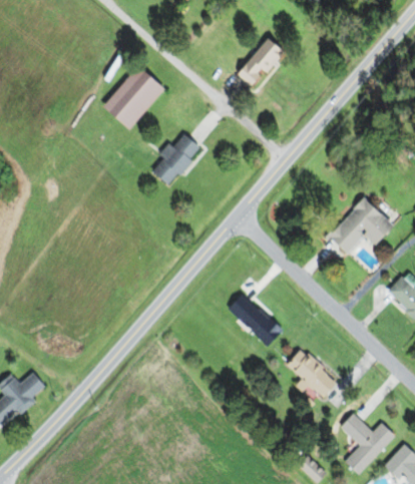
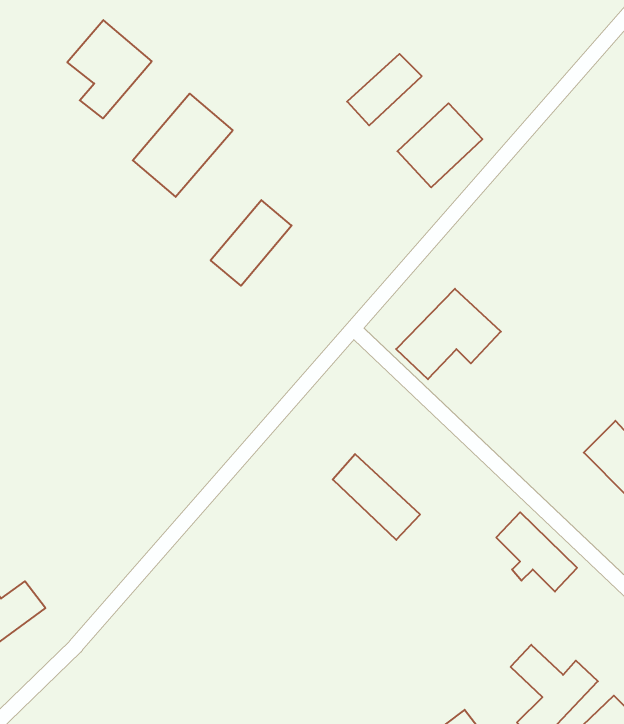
building: none -> [67,20,152,118]
building: none -> [397,103,482,187]
building: [326,197,392,255] -> [396,289,501,379]
building: [286,349,337,399] -> [496,512,577,592]

